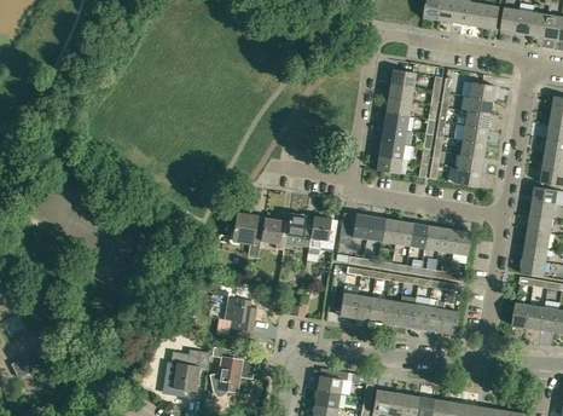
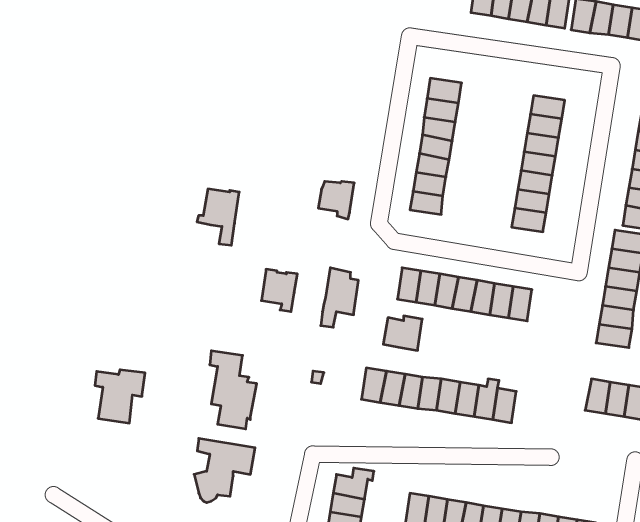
building: [339,213,370,239] -> [383,316,422,350]
building: [232,214,265,258] -> [197,189,239,245]
building: [286,214,314,243] -> [318,181,354,219]
building: [170,351,209,392] -> [95,370,145,423]

